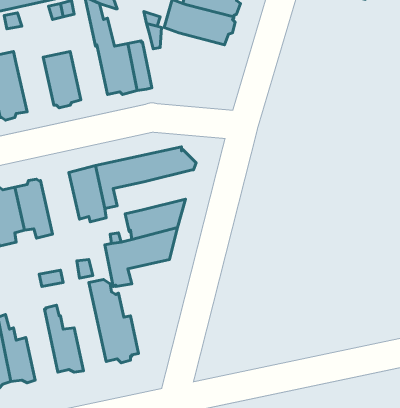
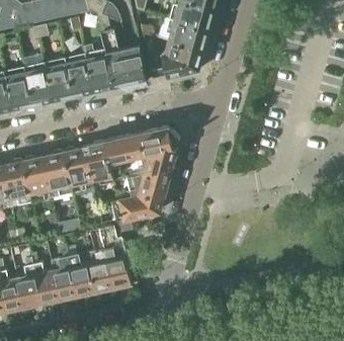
building: none -> [148,39,202,77]
building: none -> [83,44,113,90]
building: none -> [45,58,73,99]
building: none -> [138,143,178,173]
building: none -> [63,145,94,195]
building: none -> [86,228,112,294]
building: none -> [51,248,76,302]

